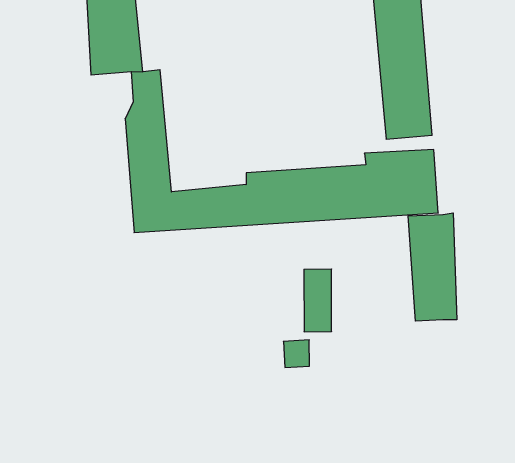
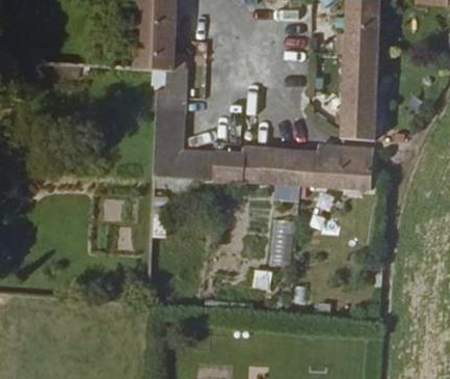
building: [408,213,457,321] -> none

